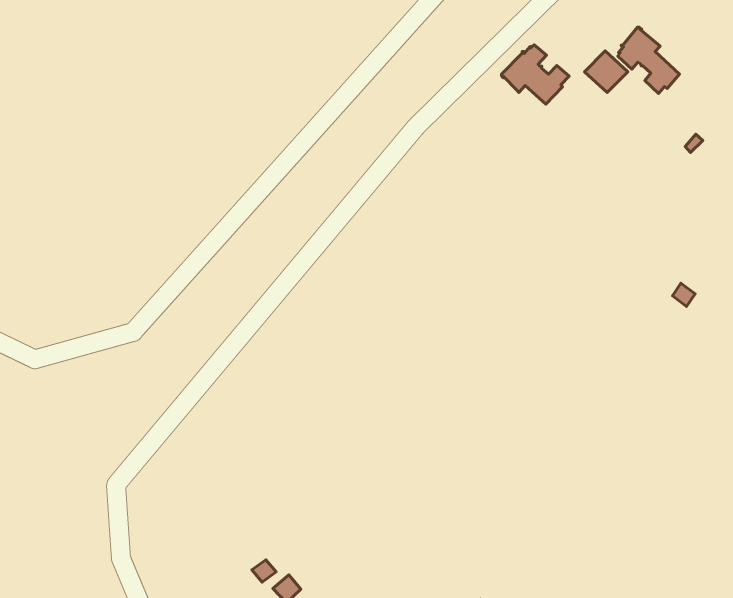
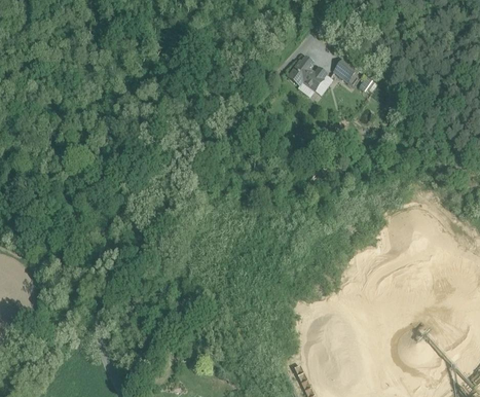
building: [618,27,679,94] -> none

